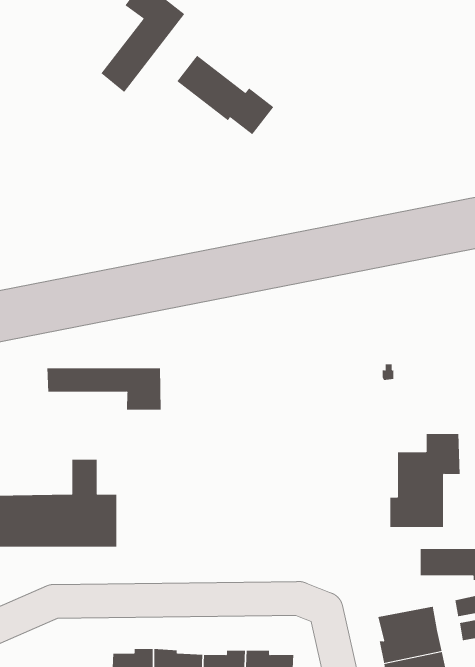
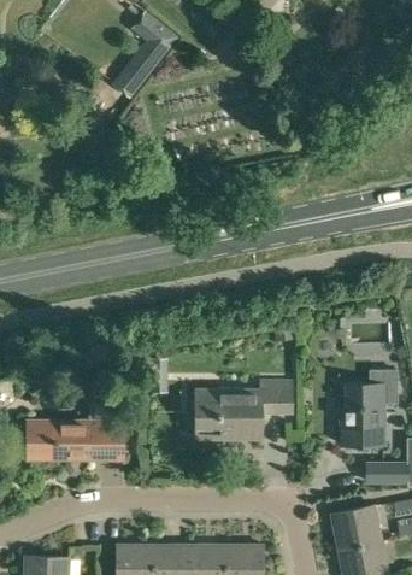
building: [176,55,274,135] -> none
building: [47,367,161,411] -> none
building: none -> [195,382,293,440]

